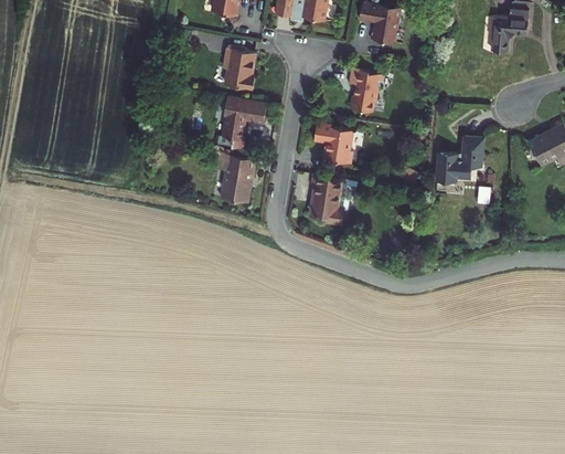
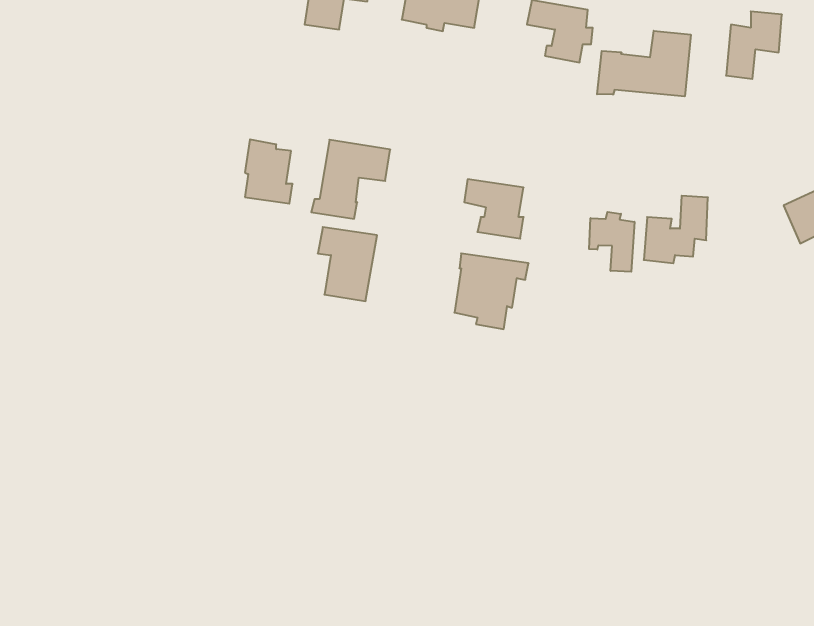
building: none -> [597,31,691,96]
building: [225,46,257,89] -> [245,139,293,204]
building: [350,67,384,112] -> none
building: none -> [589,212,634,272]

